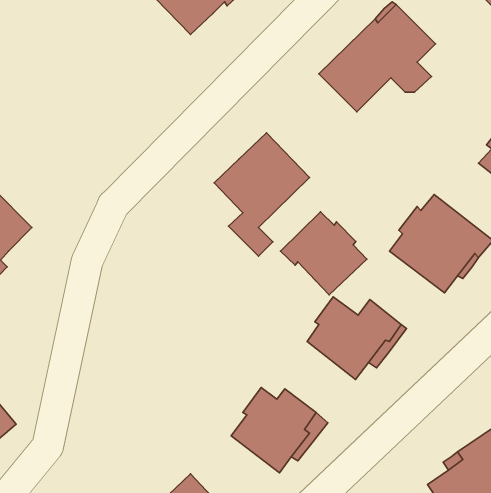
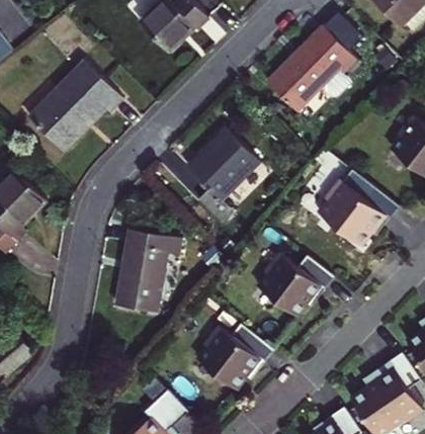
building: none -> [28,61,122,150]
building: [280,212,367,295] -> none
building: none -> [115,229,181,312]

